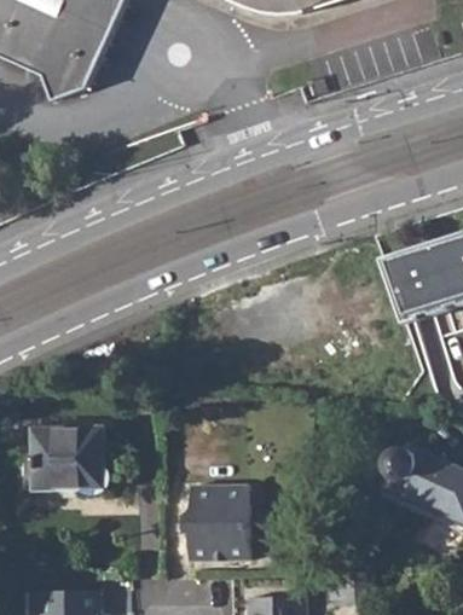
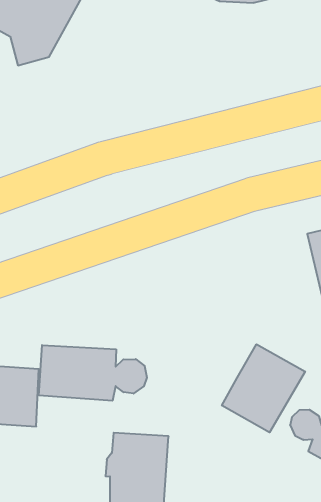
building: none -> [222,344,305,432]
building: none -> [39,345,147,401]

